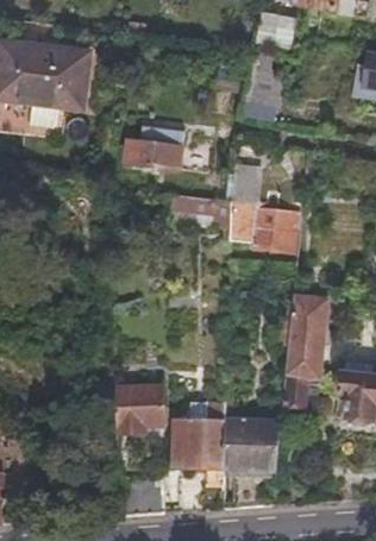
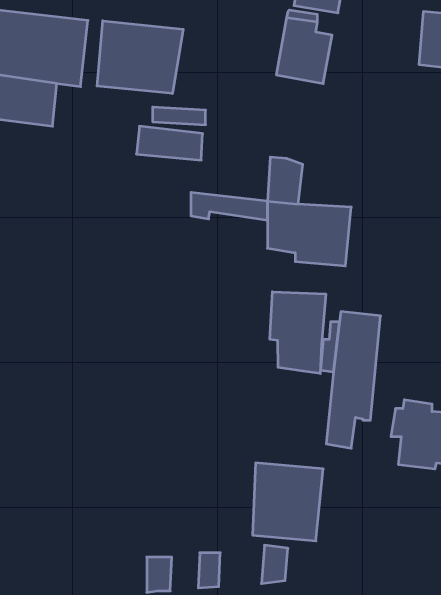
building: none -> [97,21,183,94]
building: none -> [270,292,326,374]
building: [121,378,164,426] -> none
building: [176,413,225,484] -> none

